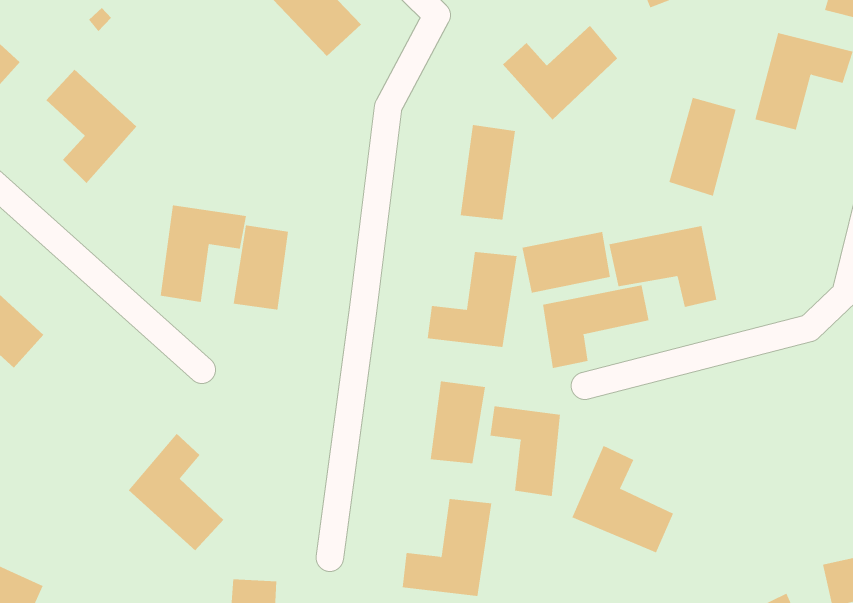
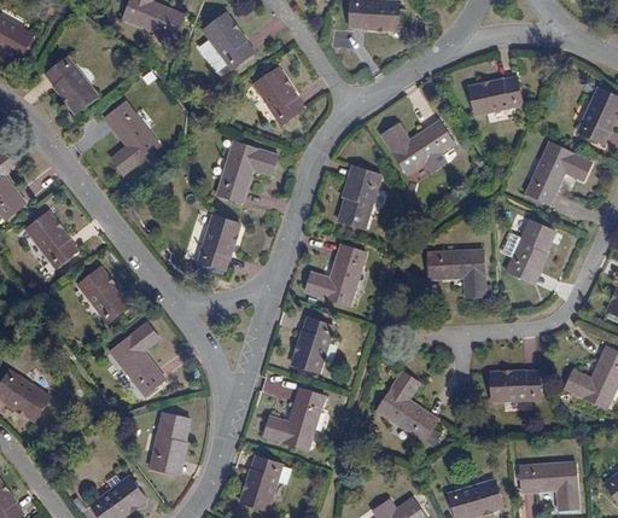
building: [669,97,737,196] -> [506,226,554,287]
building: [160,205,247,303] -> [214,132,274,193]
building: [522,231,611,294] -> none
building: [542,284,649,369] -> none
building: none -> [78,269,129,324]
building: [490,405,560,497] -> none
building: none -> [489,376,540,404]

